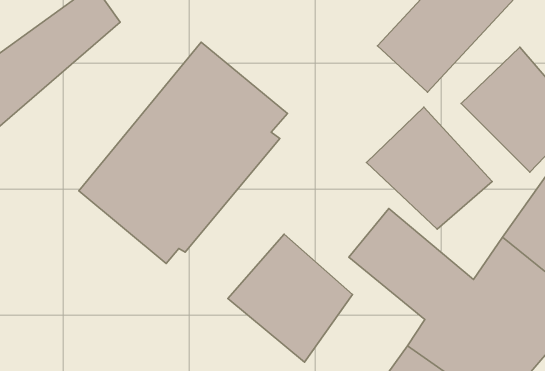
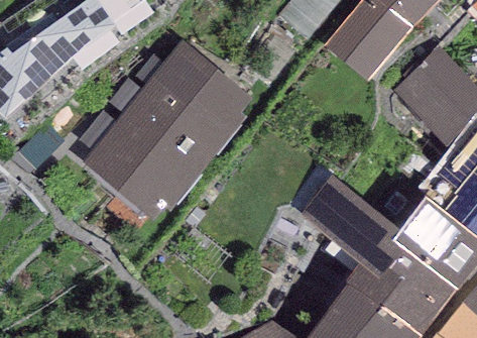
building: [366,107,492,229] -> none
building: [228,234,353,362] -> none

